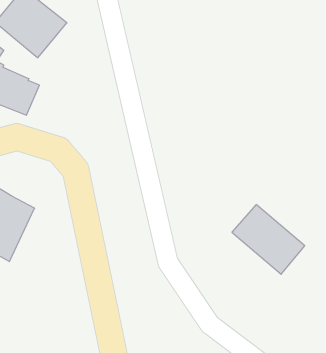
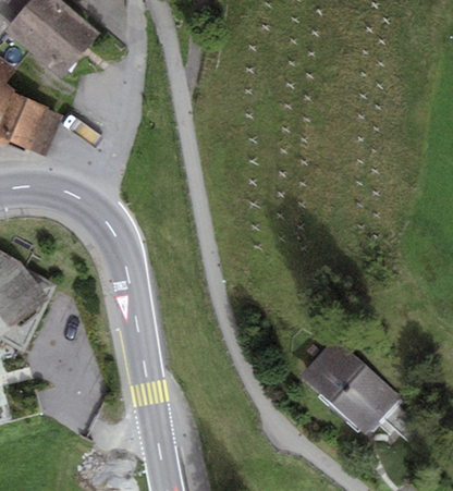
building: [232,205,305,274] -> [299,341,397,434]

